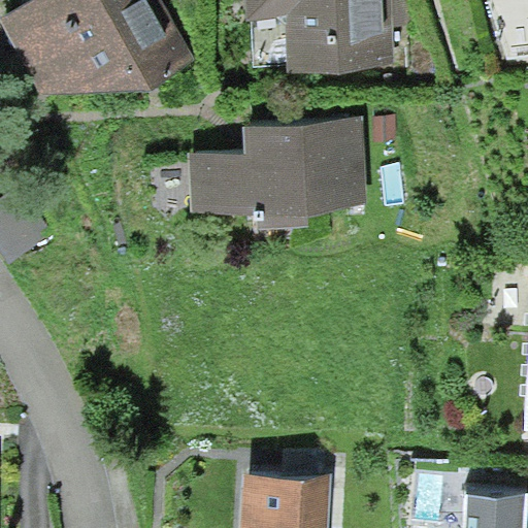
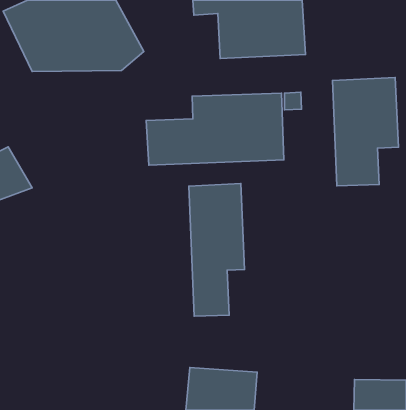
building: none -> [332,78,399,186]
building: none -> [189,184,245,316]

